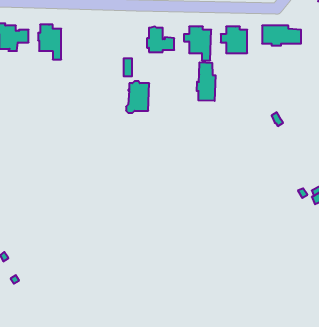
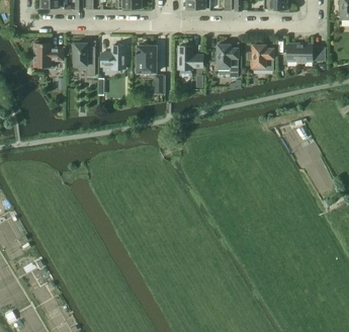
building: none -> [100,43,125,68]
building: [197,62,216,101] -> none
building: [126,81,149,113] -> [134,43,156,73]

